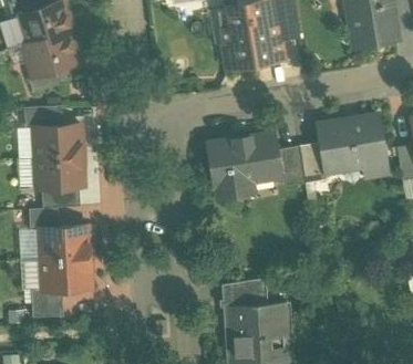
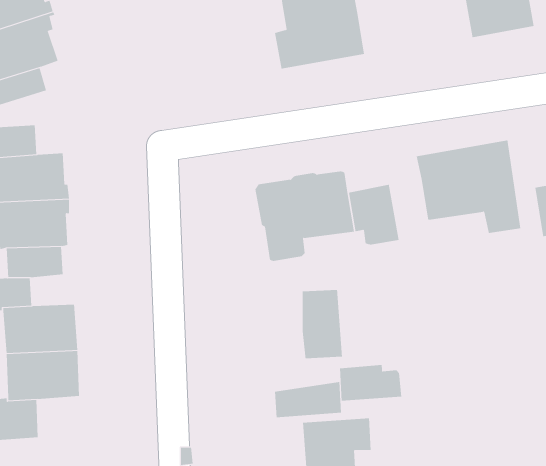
building: [299,142,327,183] -> none
building: none -> [302,289,343,359]
building: none -> [340,364,402,402]

